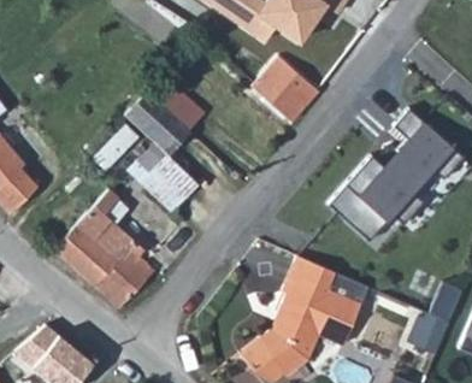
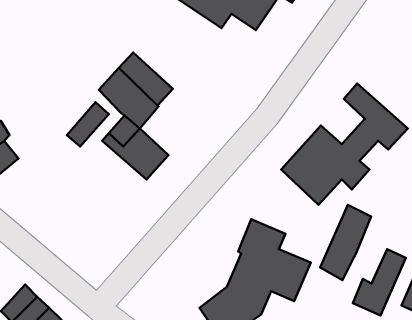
building: [255,53,319,118] -> none
building: [54,187,155,307] -> none
building: none -> [320,205,371,280]

